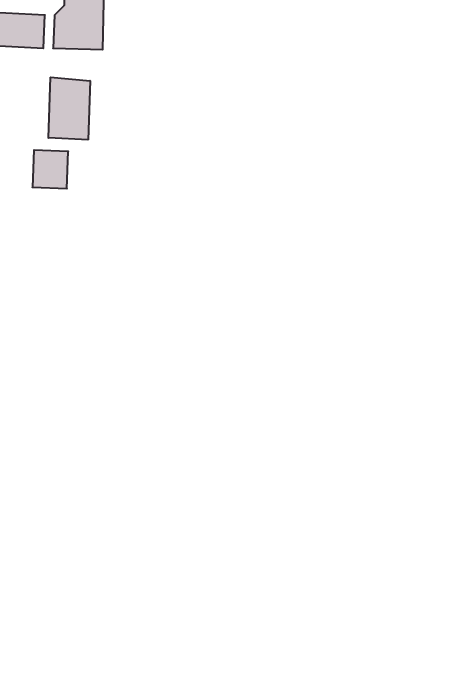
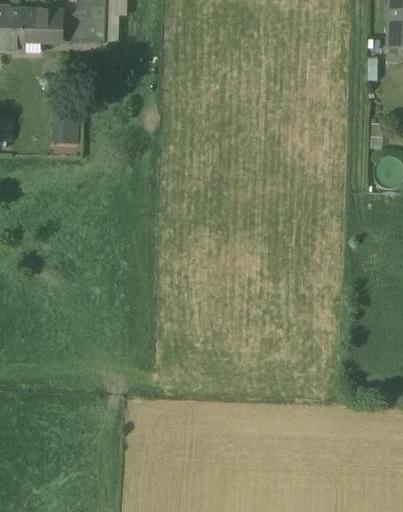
building: [48,77,90,140] -> none

